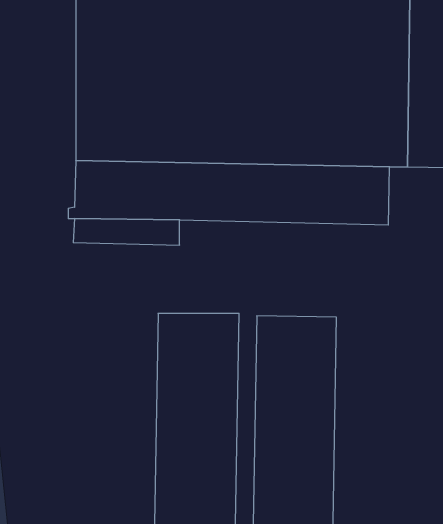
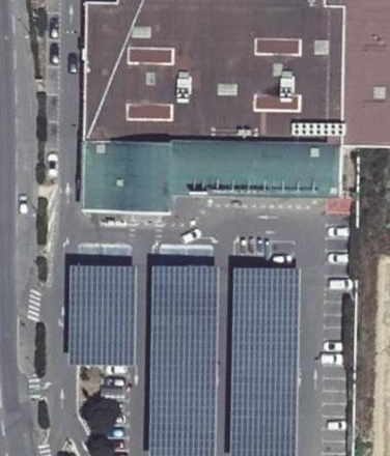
building: none -> [68,263,136,365]

